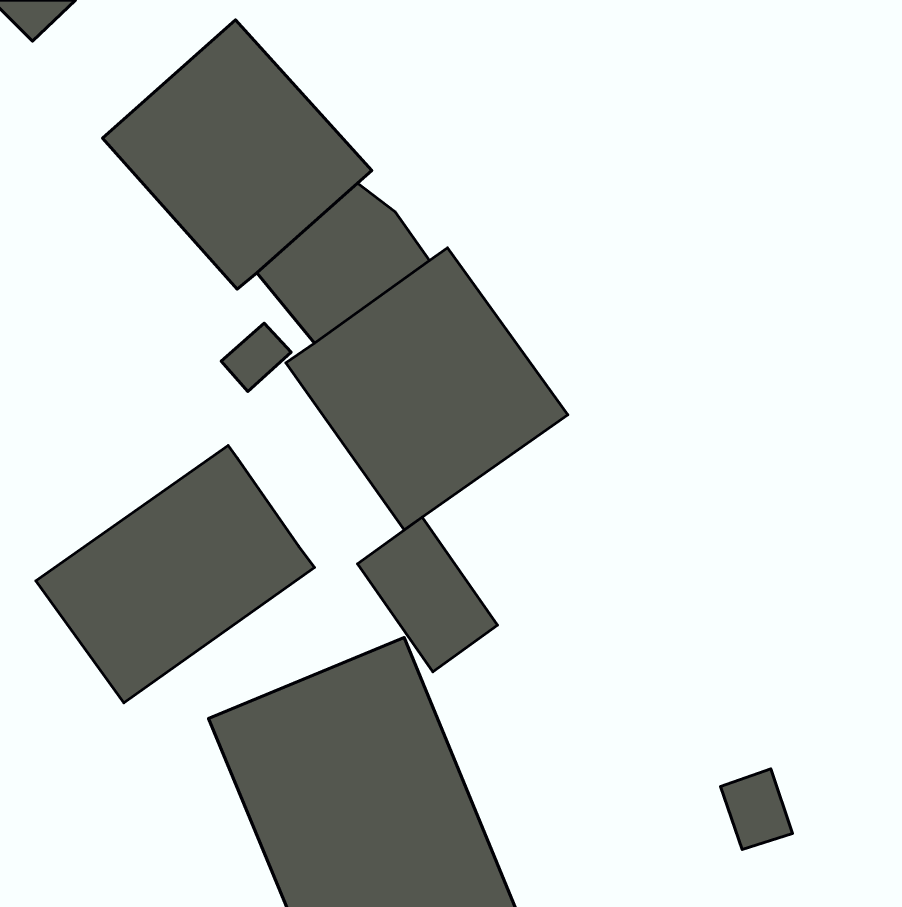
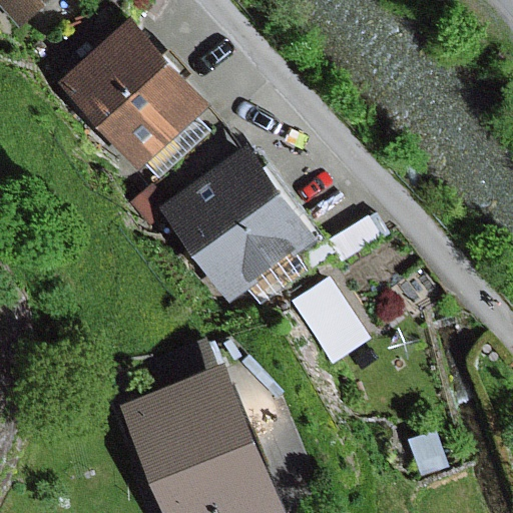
building: [36,446,315,703] -> none
building: [357,517,498,672] -> [289,280,367,366]

